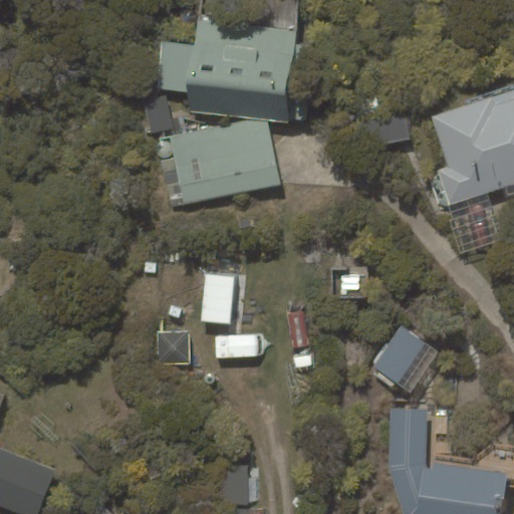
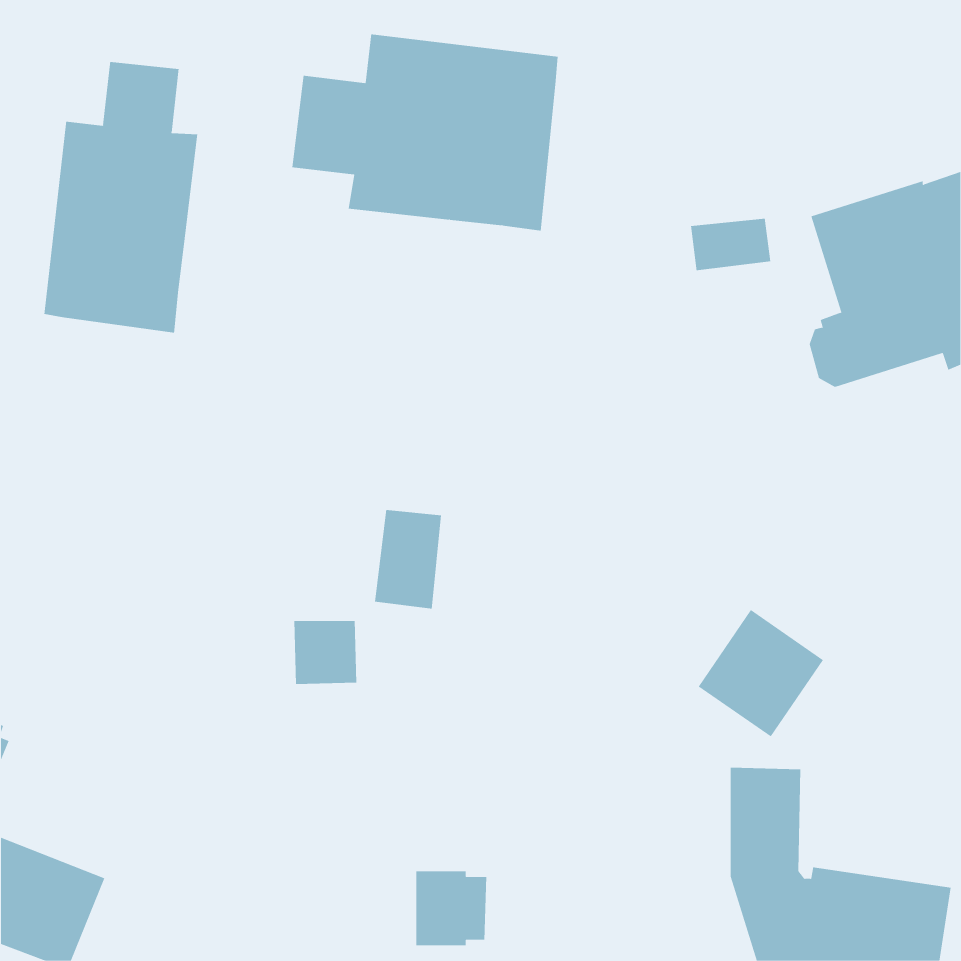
building: none -> [44,61,198,333]
building: [158,119,280,206] -> none

